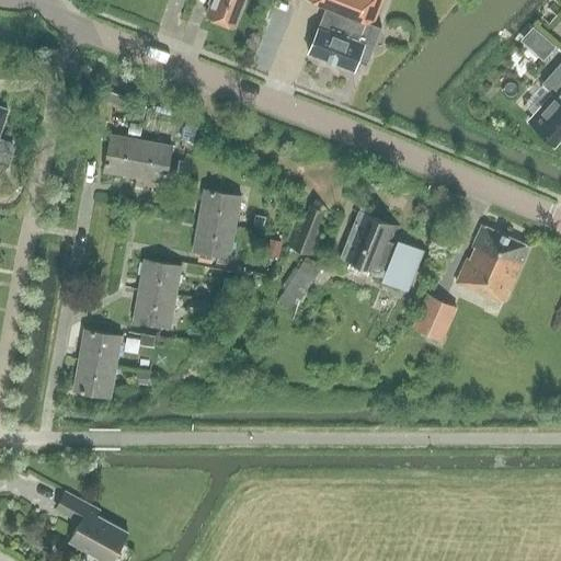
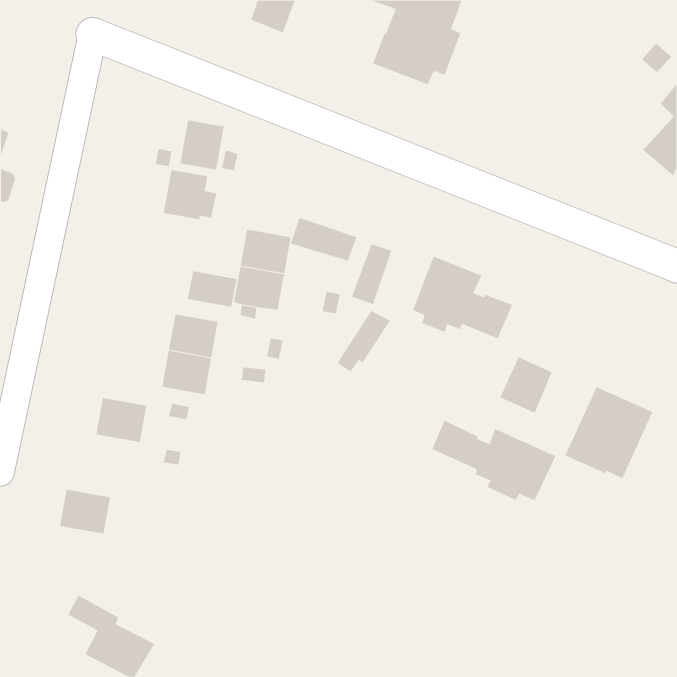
building: [104,135,141,176] -> [180,120,225,170]
building: none -> [290,217,357,261]
building: none -> [187,270,237,308]
building: [456,226,529,302] -> [564,387,653,479]
building: none -> [432,420,556,501]
building: [73,359,116,397] -> [59,489,111,534]

